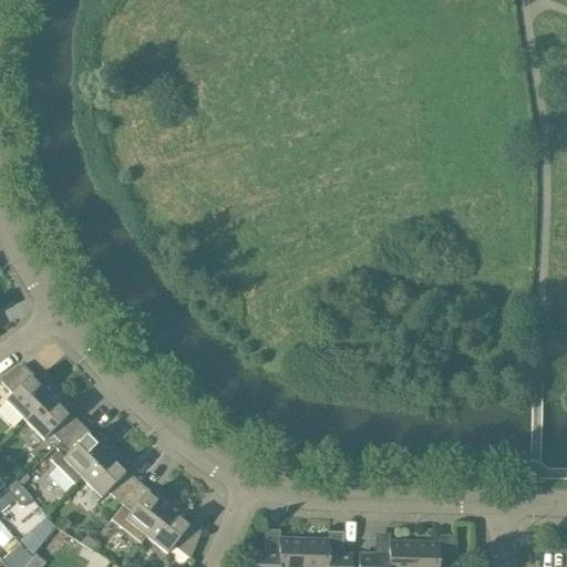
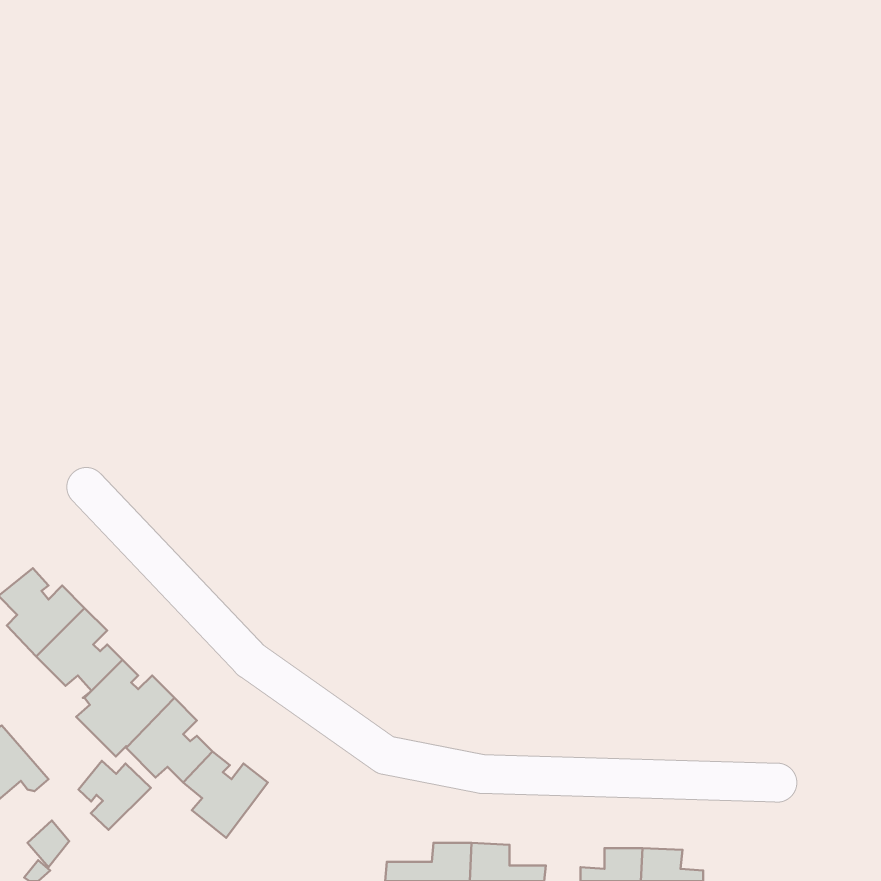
building: none -> [78,761,151,830]
building: [145,502,199,559] -> none

